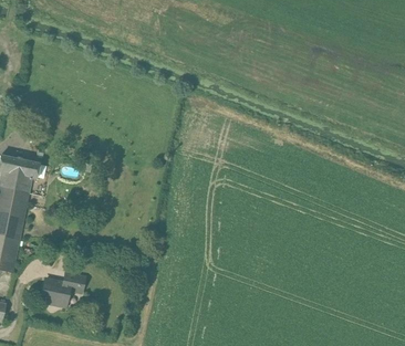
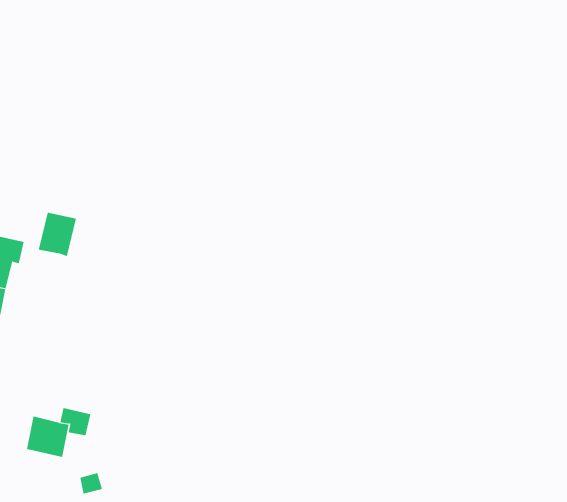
building: none -> [38,212,77,257]

